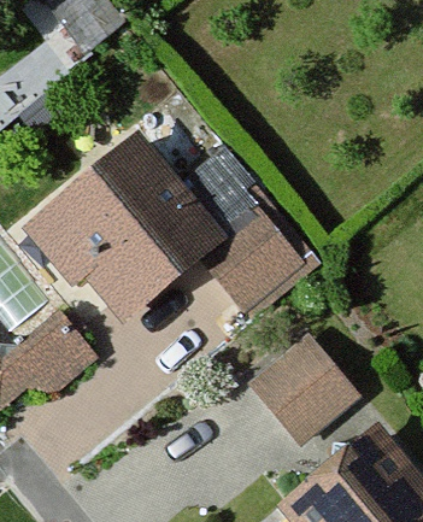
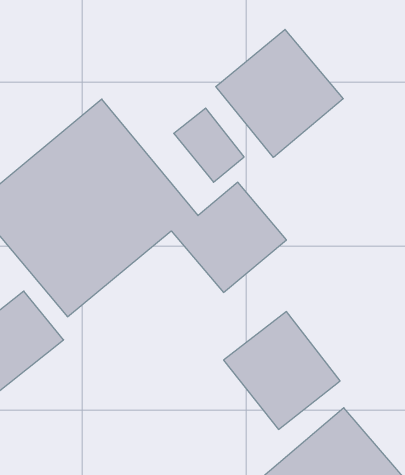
building: none -> [216,29,343,157]

